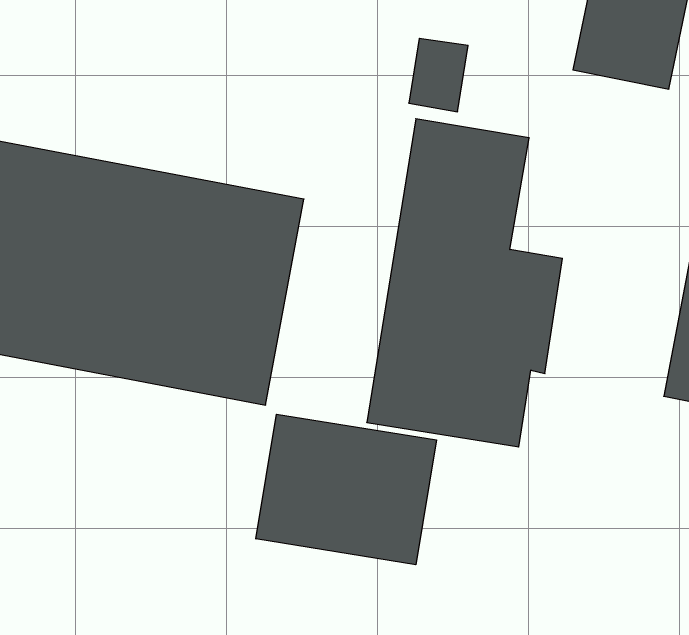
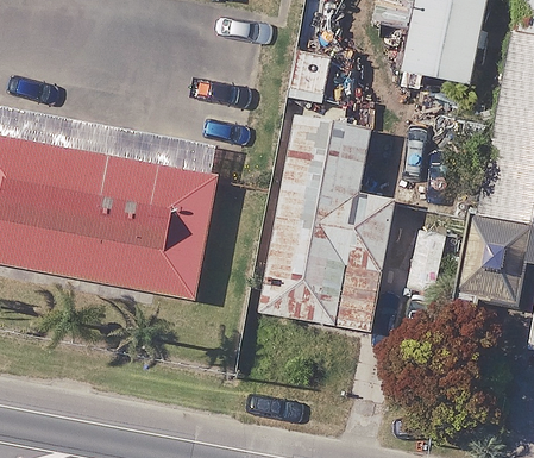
building: [256,414,436,565] -> none

